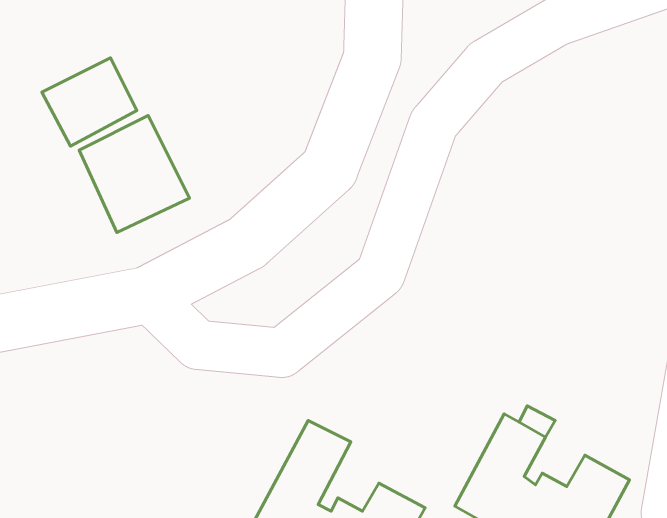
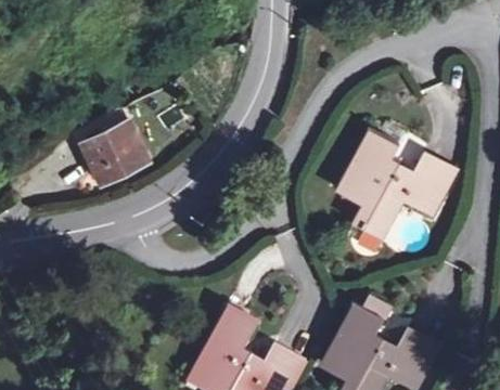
building: [42,58,137,146] -> none
building: none -> [338,129,454,236]

